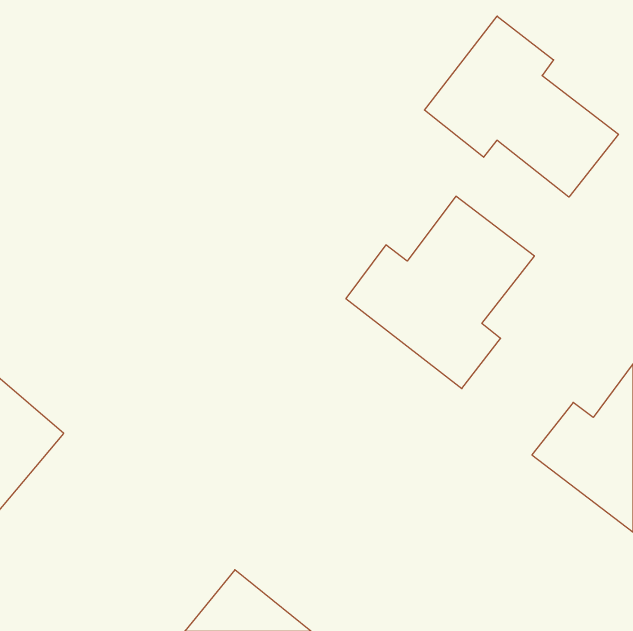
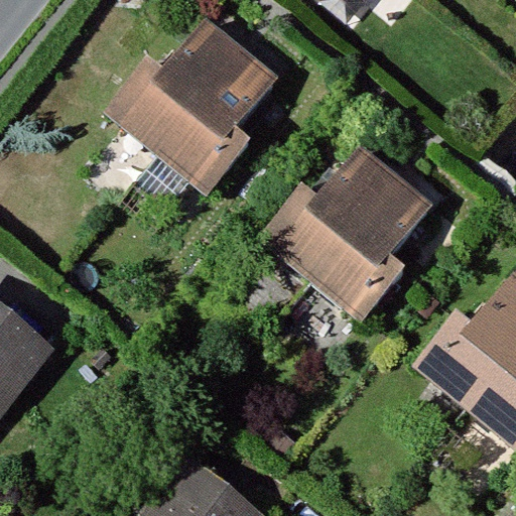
building: [424,16,618,197] -> none
building: none -> [119,28,271,182]

